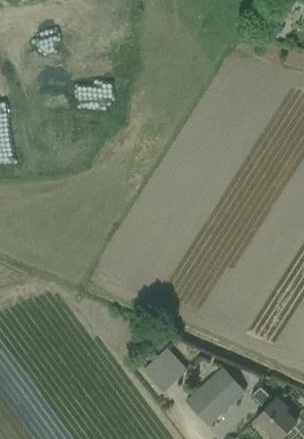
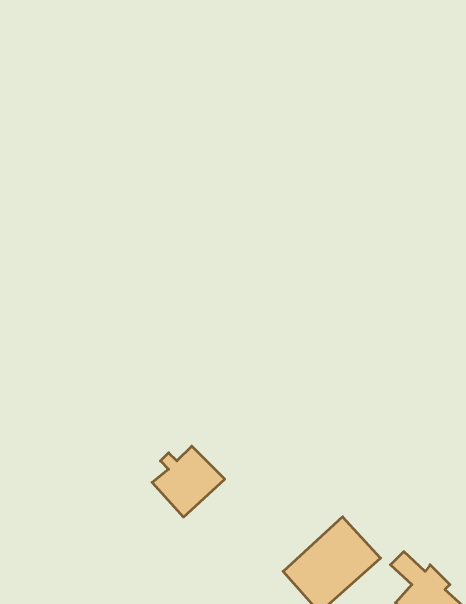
building: [141,345,186,389] -> [152,446,225,517]

